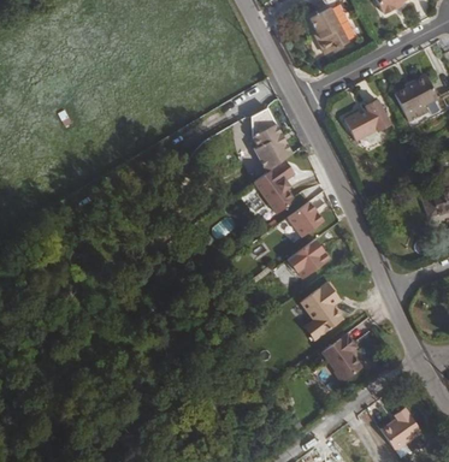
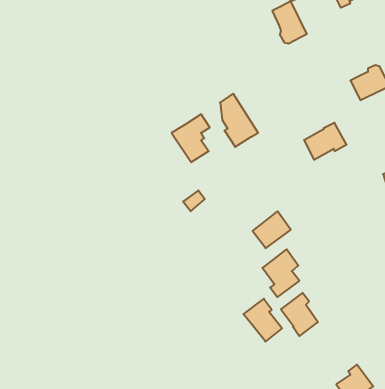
building: [344,101,391,142] -> [304,123,347,160]
building: [253,156,295,209] -> [172,114,210,162]
building: [286,202,323,237] -> none
building: none -> [243,299,282,342]

